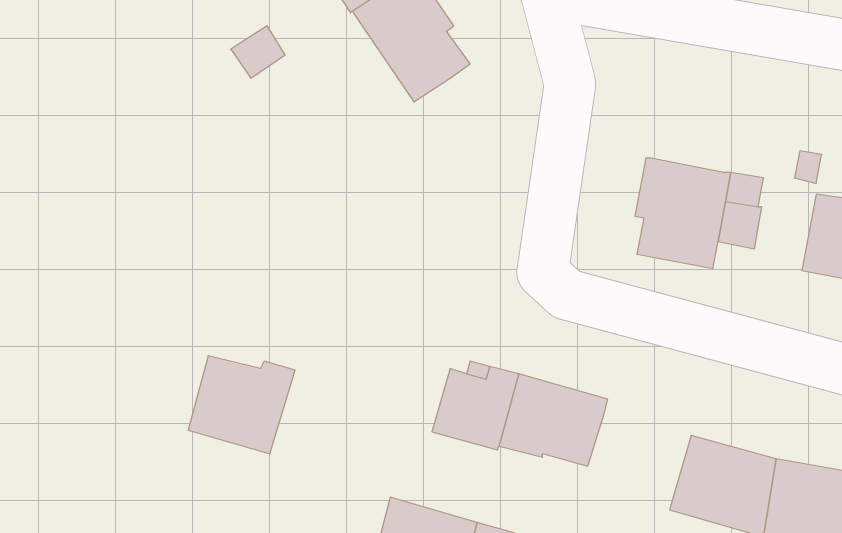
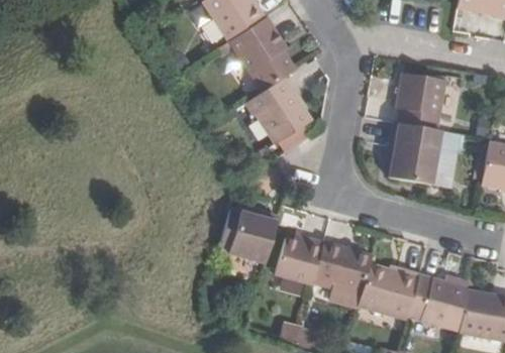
building: none -> [396,73,446,130]
building: none -> [246,78,314,146]
building: [188,356,295,454] -> [219,210,279,264]
building: none -> [359,264,419,320]

